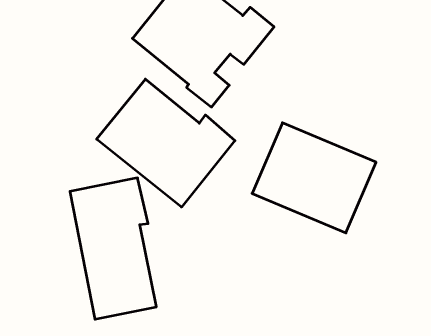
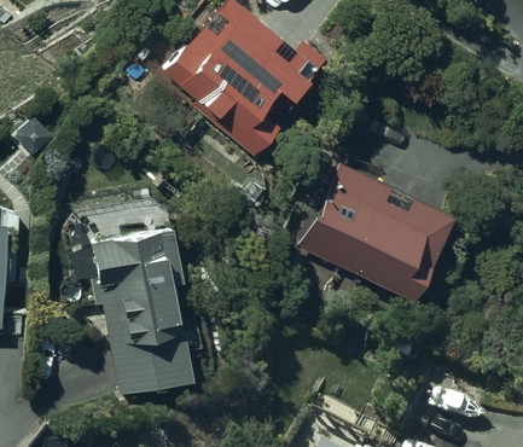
building: [97,79,235,207] -> none

